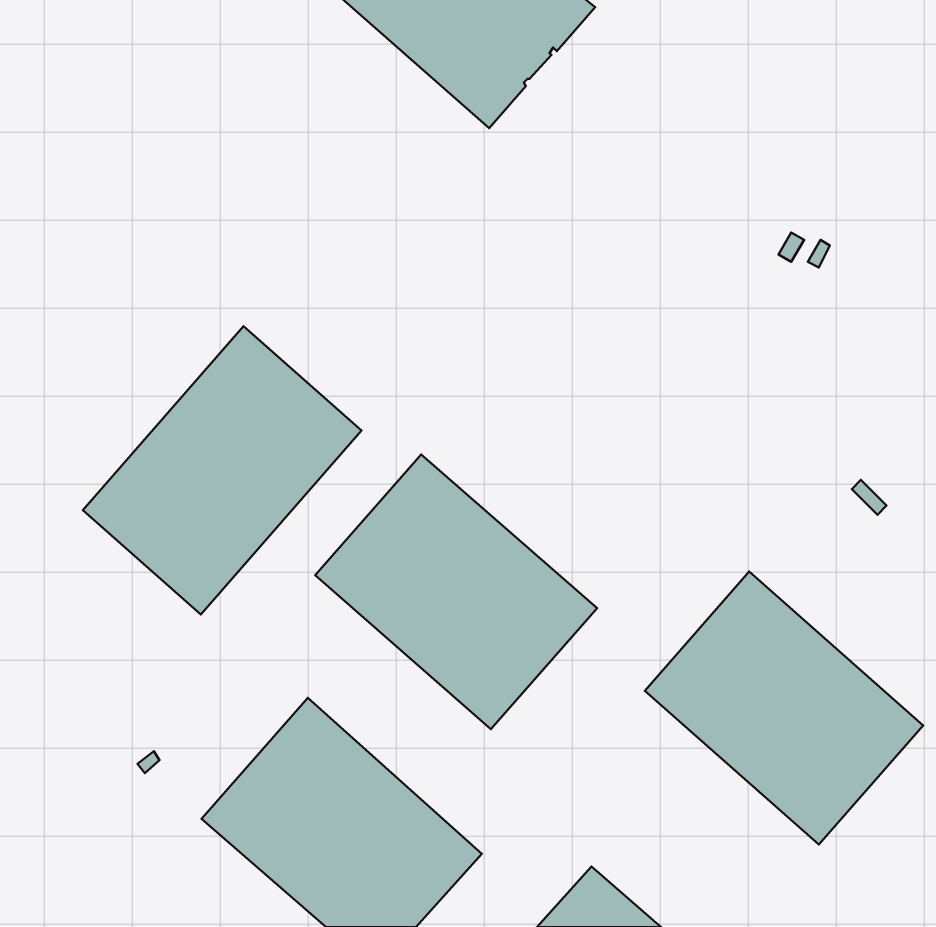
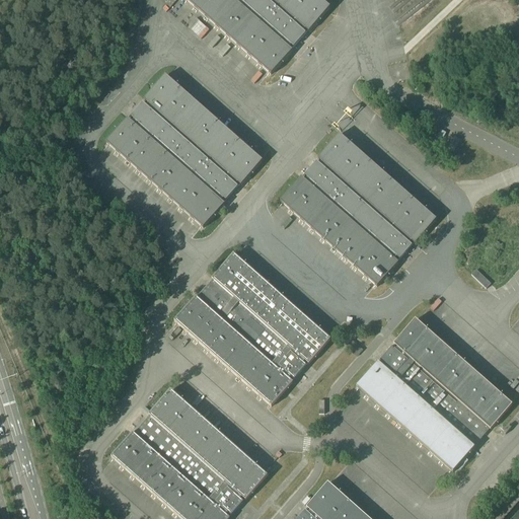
building: none -> [106,73,262,224]
building: none -> [280,132,436,283]
building: [83,326,362,614] -> none

